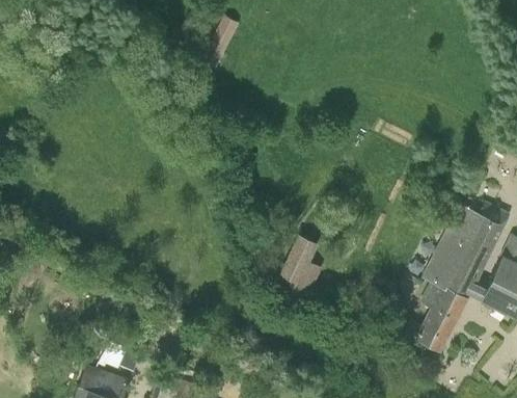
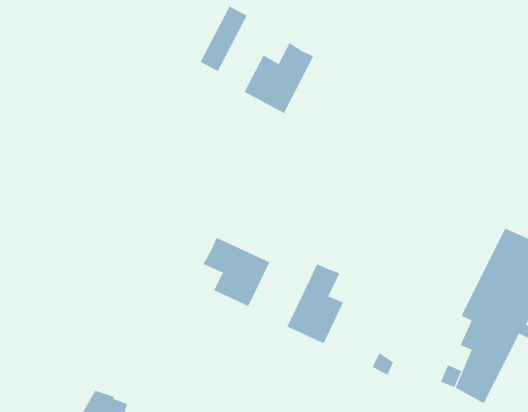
building: none -> [244,42,314,114]
building: none -> [203,237,270,307]

